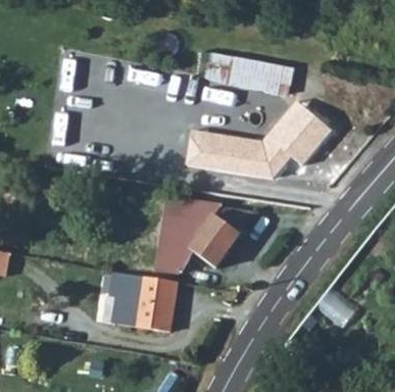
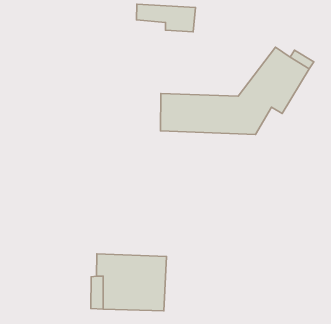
building: [230,55,293,93] -> none
building: [154,198,241,273] -> none

